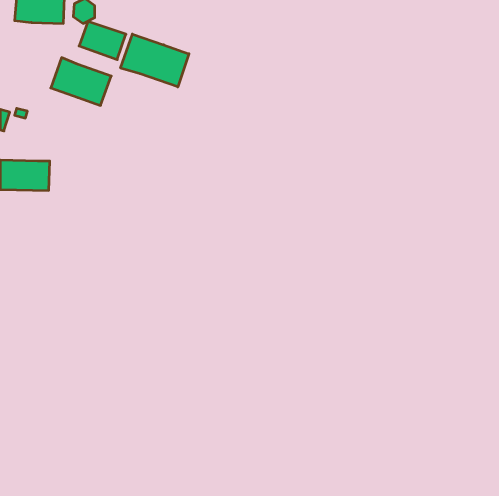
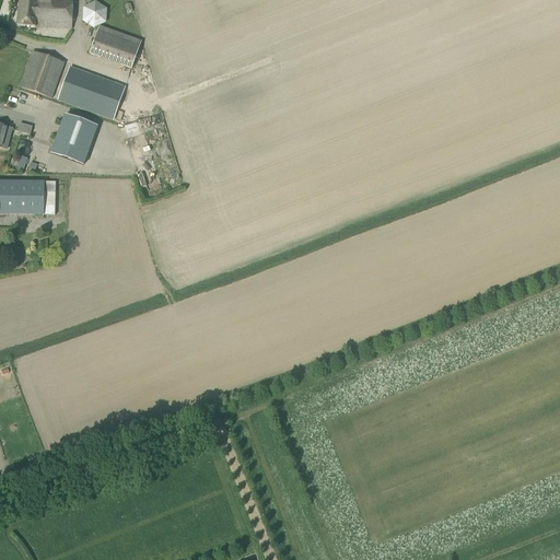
building: [121,34,189,87] -> none
building: none -> [19,49,63,96]
building: none -> [49,114,96,165]

